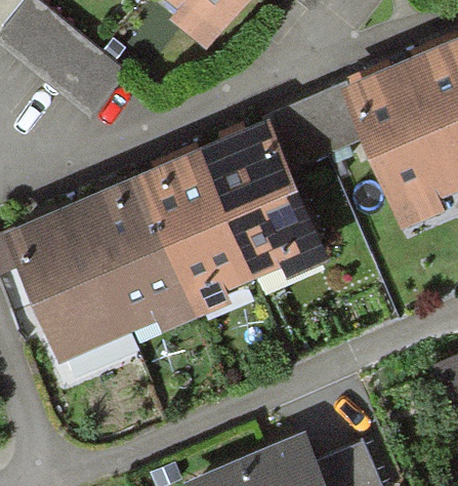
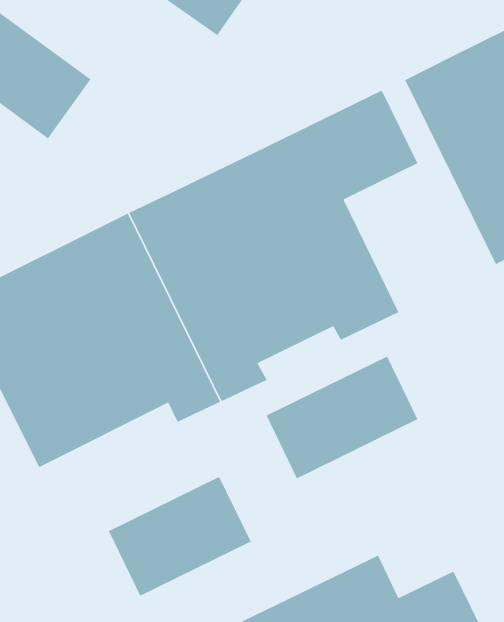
building: none -> [265,355,418,479]
building: none -> [108,476,252,597]

